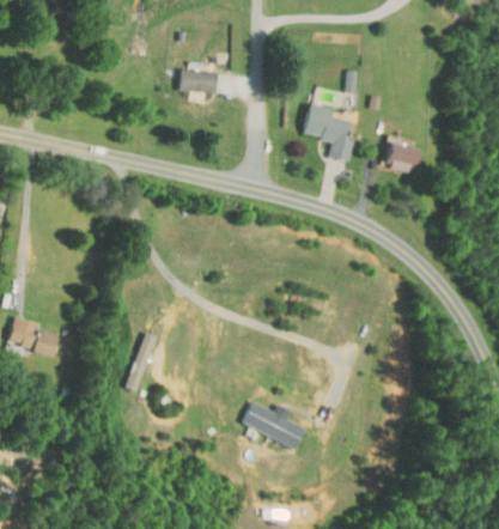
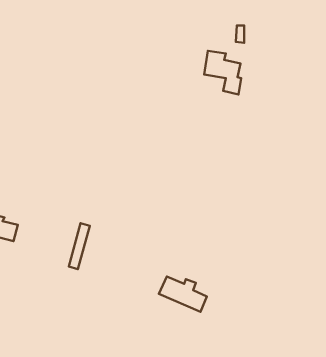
building: [178,62,215,93] -> none
building: [384,142,415,174] -> none

